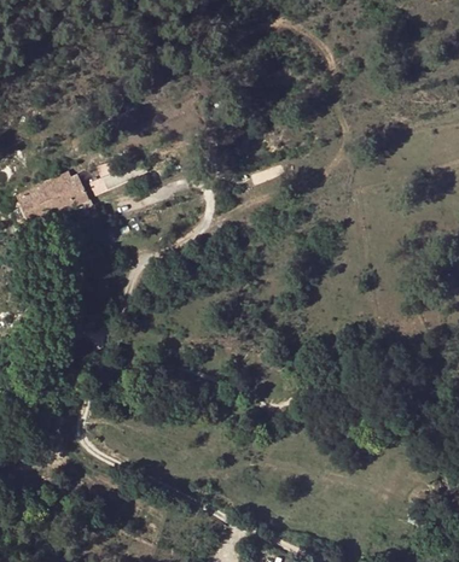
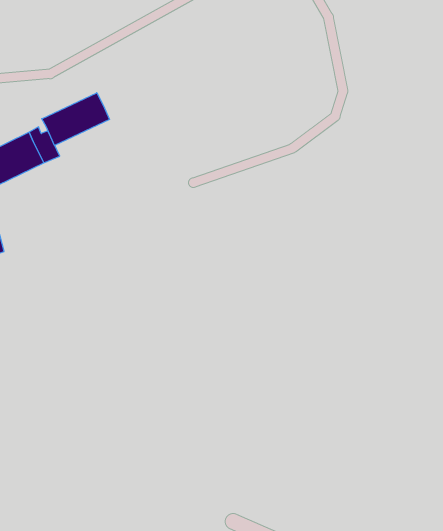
building: none -> [42,93,110,145]

